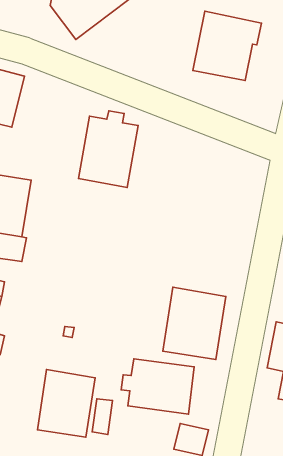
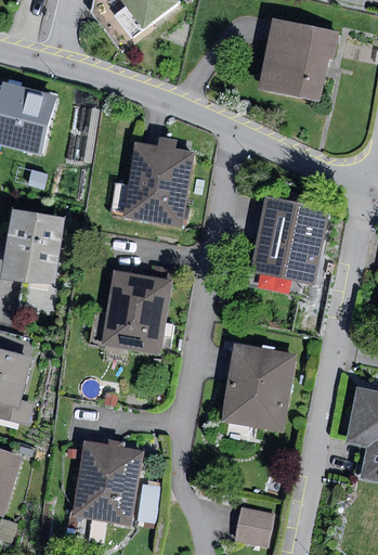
building: none -> [251,195,330,283]
building: none -> [102,270,172,353]
building: [121,359,194,414] -> none

